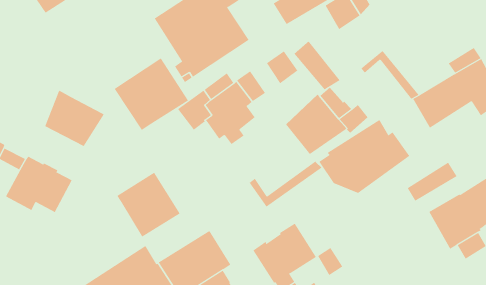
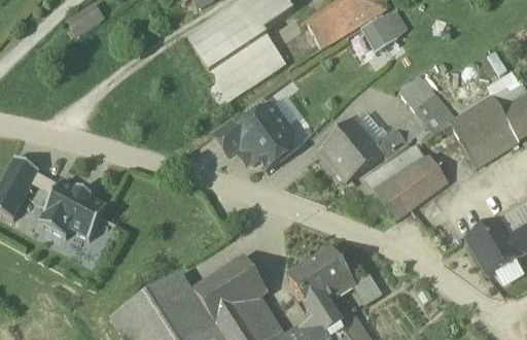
building: [294,40,340,90] -> [401,82,449,133]
building: [266,50,298,84] -> none
building: [114,58,189,131] -> none
building: [45,90,104,147] -> none
building: [249,160,323,208] -> none
building: [407,162,458,202] -> [467,125,519,165]
building: [117,172,181,237] -> none

